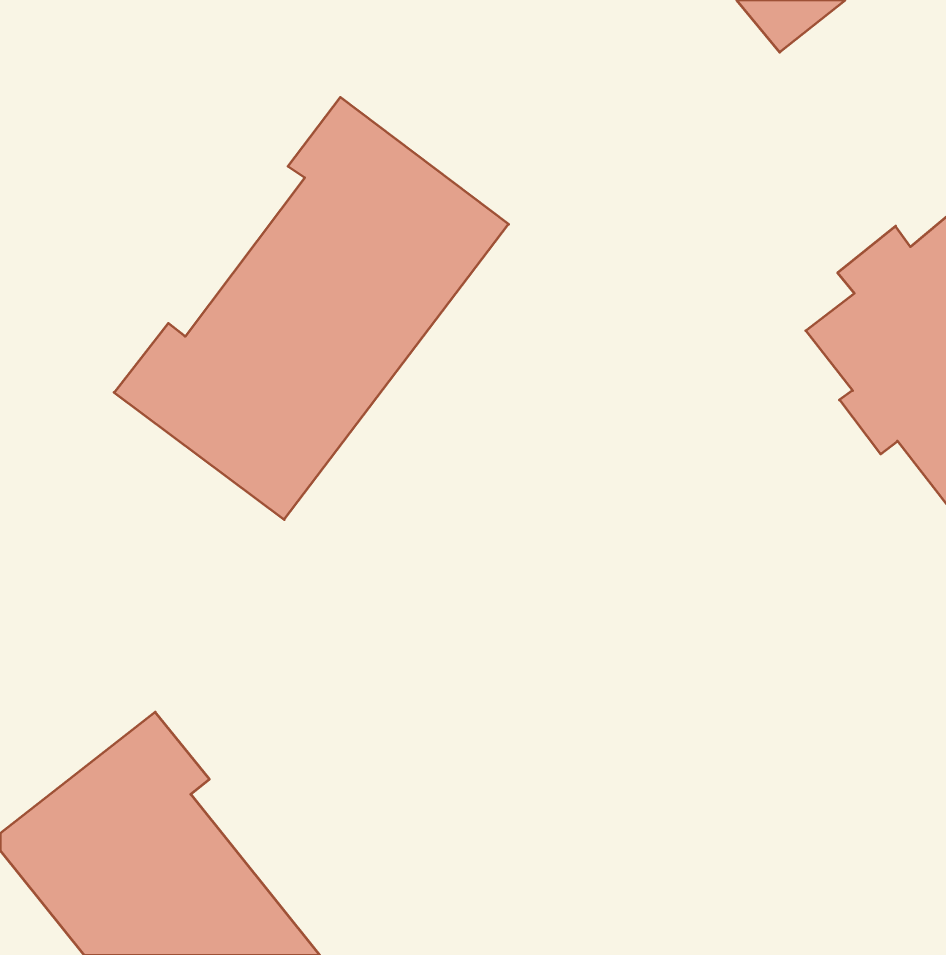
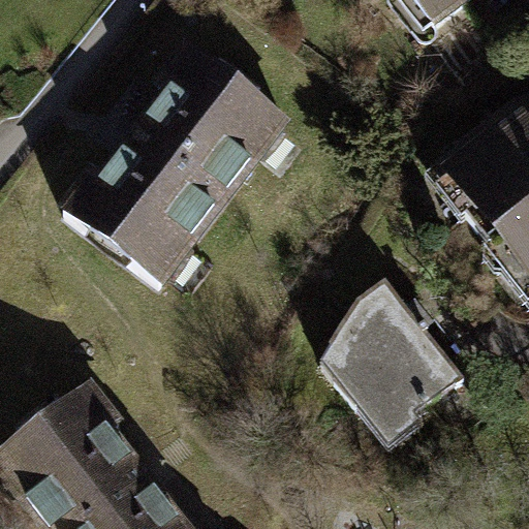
building: none -> [326,284,466,434]

